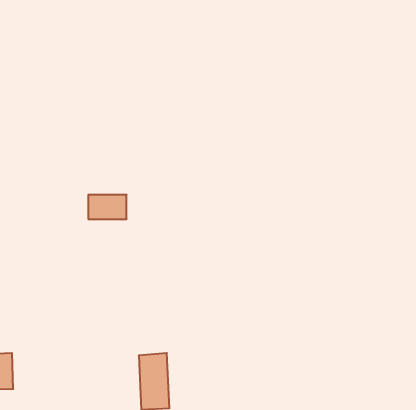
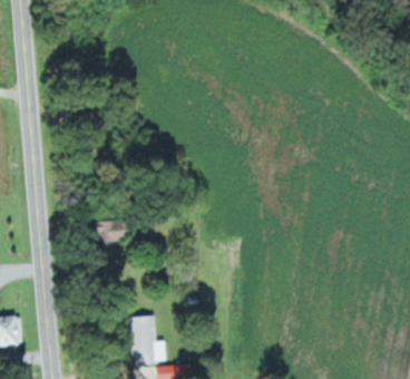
building: [88,195,127,219] -> [89,222,123,243]

